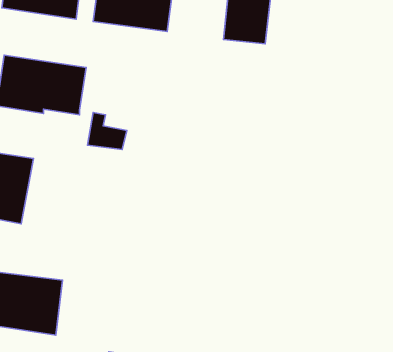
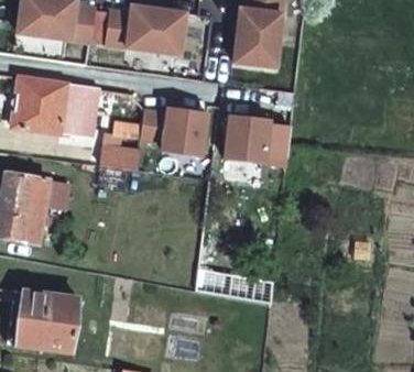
building: none -> [141,108,208,156]
building: none -> [225,116,292,163]

